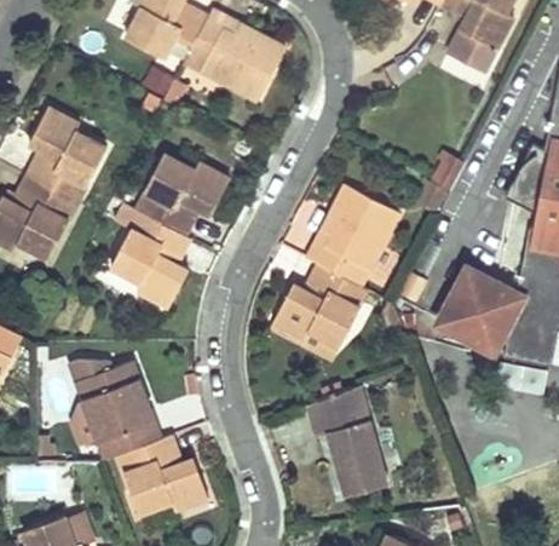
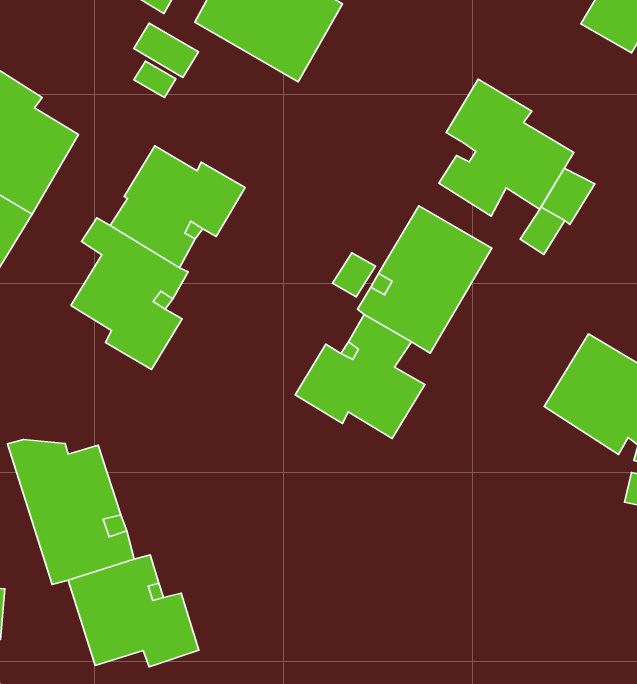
building: none -> [439,79,574,216]
building: [306,389,392,505] -> none

